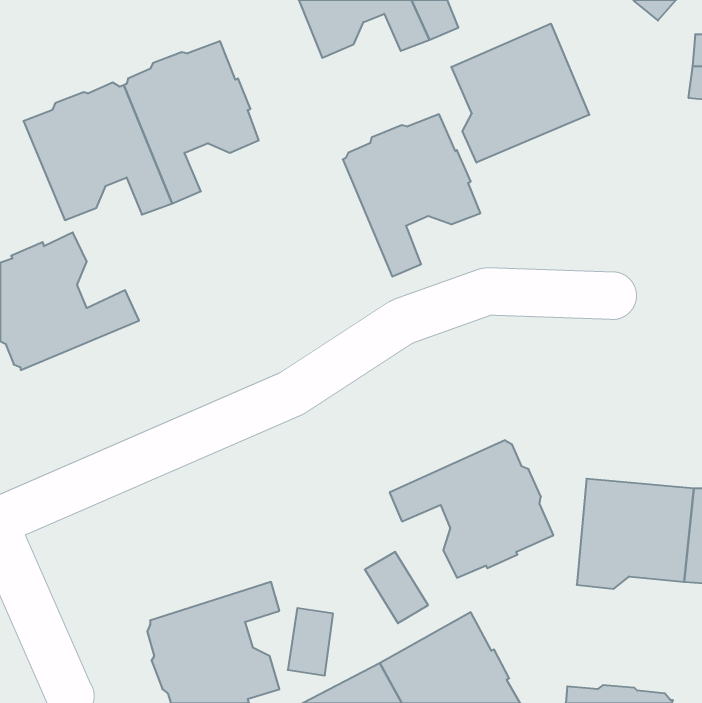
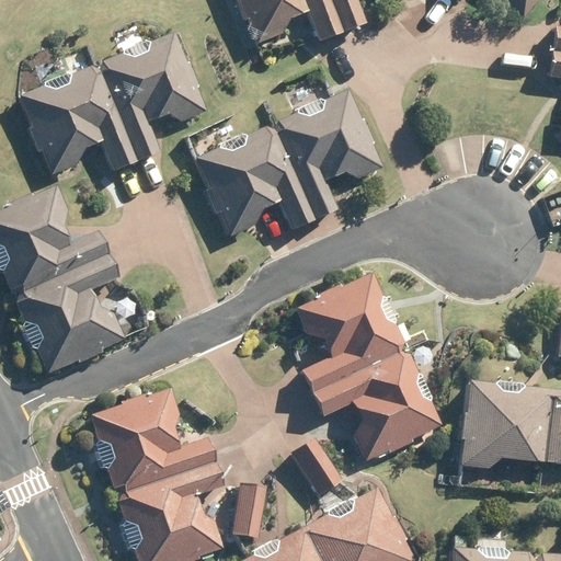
building: [451,24,589,163] -> none
building: none -> [196,125,313,234]
building: none -> [16,255,125,371]
building: none -> [295,274,404,392]
building: none -> [91,390,217,494]

